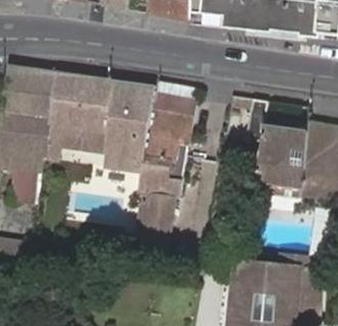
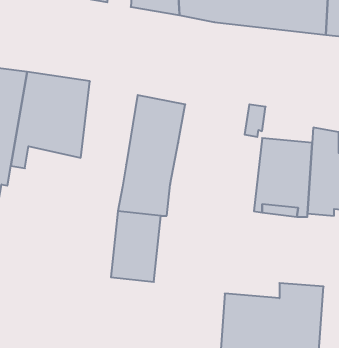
building: [103,79,157,172] -> none

